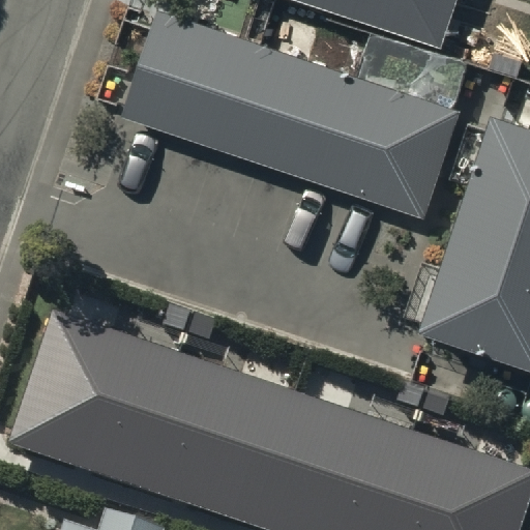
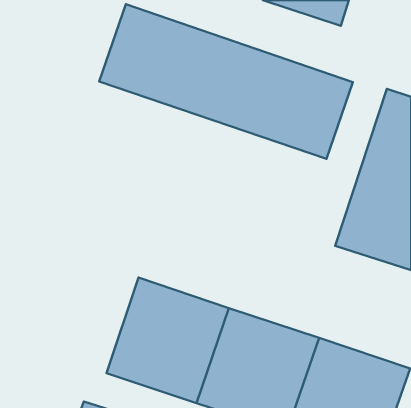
building: [10,320,178,484] -> none

